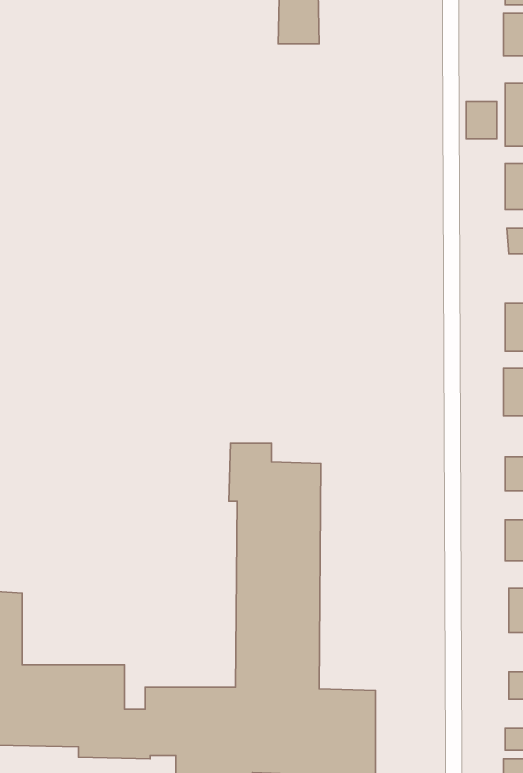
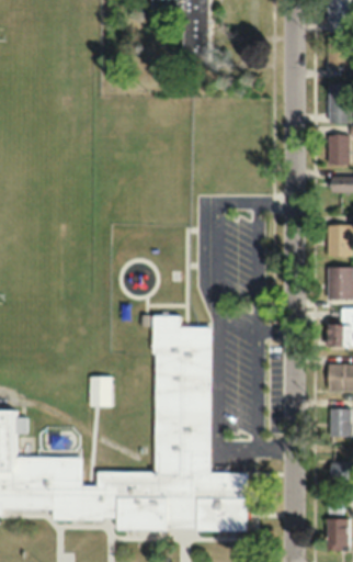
building: [466,101,497,139] -> none

